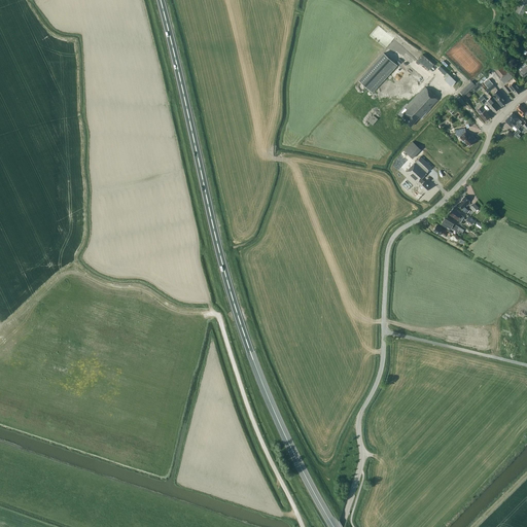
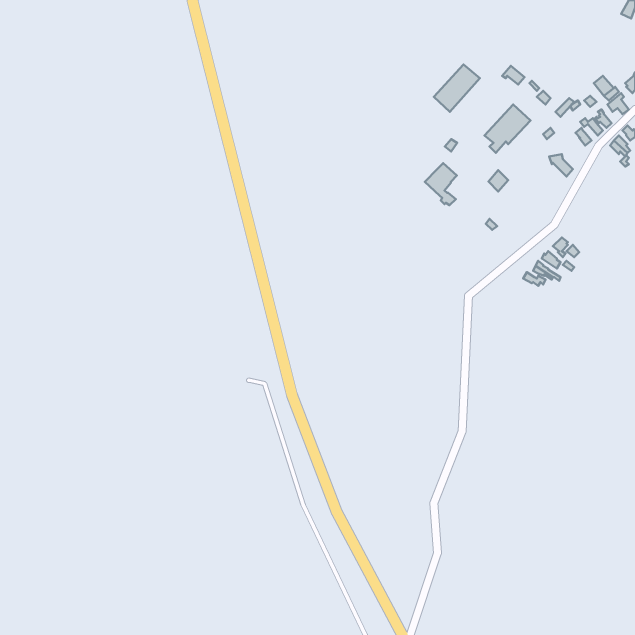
building: [406,156,432,191] -> [425,163,457,205]

